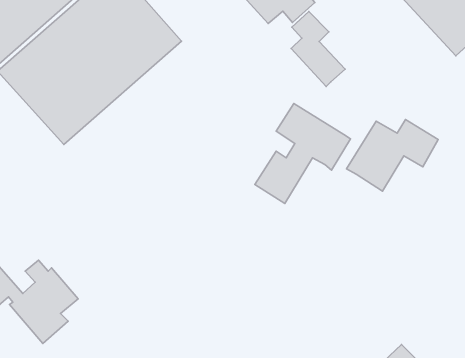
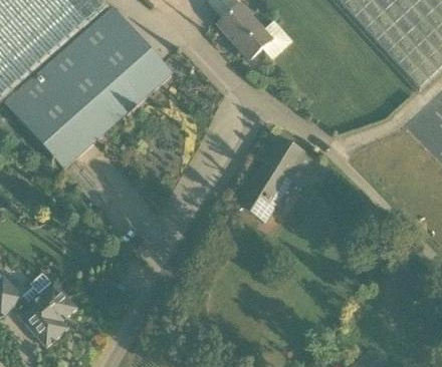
building: [291,11,345,87] -> none
building: [347,120,438,191] -> none

